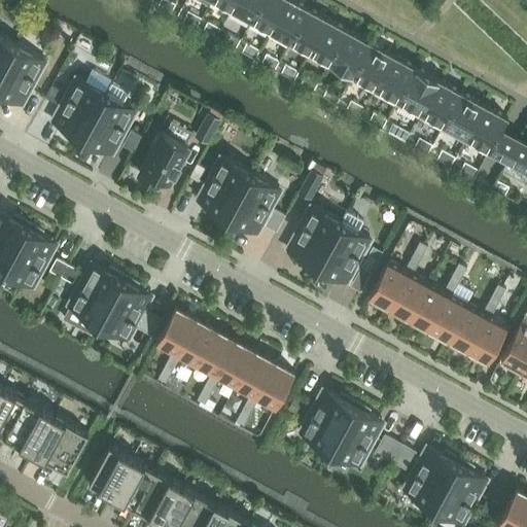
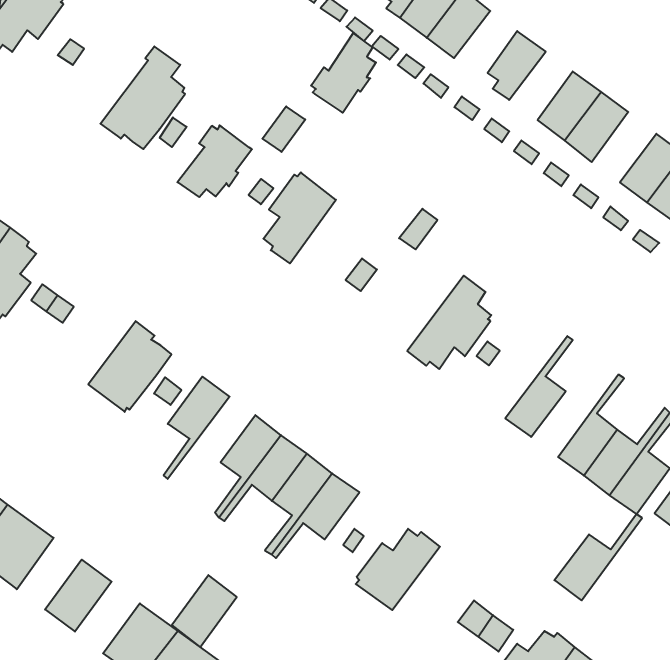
building: [319,31,360,74] -> none
building: [361,54,402,102] -> none
building: none -> [311,33,376,113]
building: [52,81,108,146] -> none
building: [424,87,466,137] -> none
building: [225,176,280,234] -> none
building: [295,210,347,274] -> none
building: [370,246,424,311] -> none
building: [409,268,463,332] -> [554,514,642,600]
building: [64,270,125,339] -> none
building: [162,322,216,387] -> none
building: [329,406,376,469] -> none
building: [112,461,154,512] -> [172,575,237,647]

